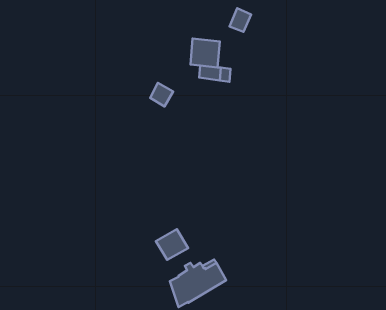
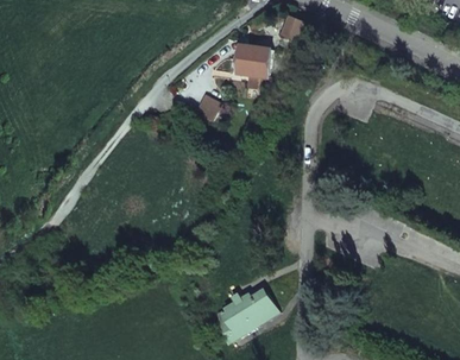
building: [156,229,188,260] -> none

